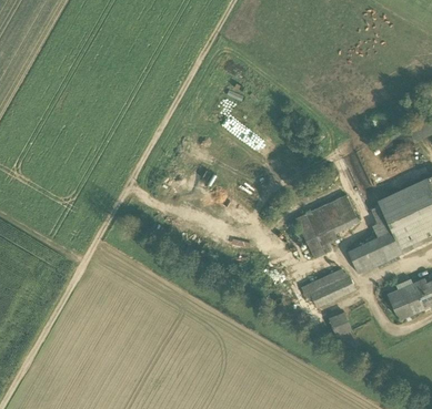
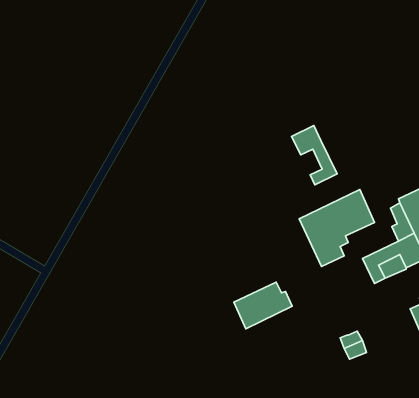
building: none -> [292,125,337,185]
building: [304,268,353,307] -> [234,282,292,329]

